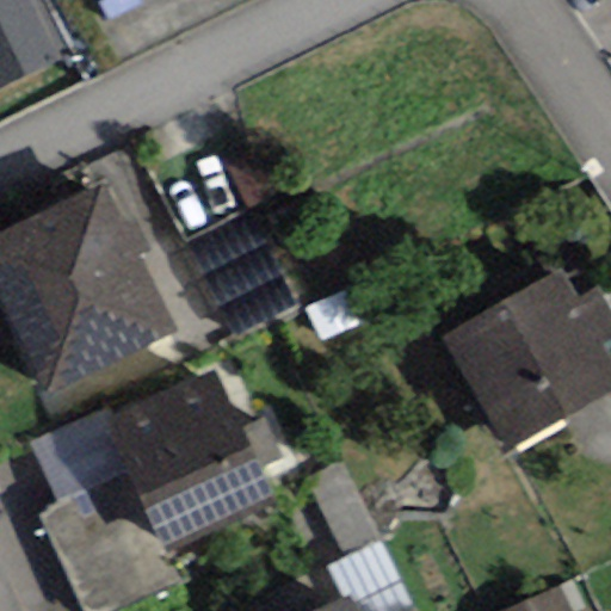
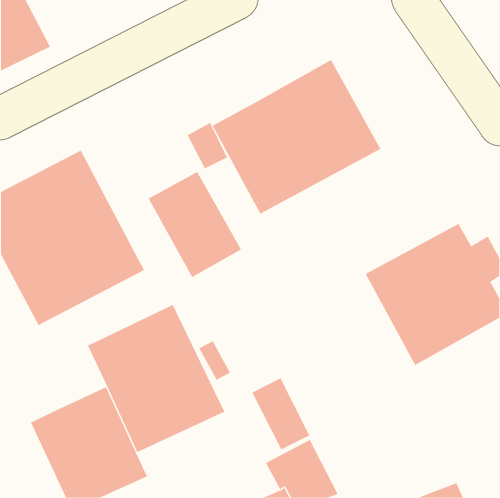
building: none -> [212,59,381,214]
building: [31,408,130,504] -> none

